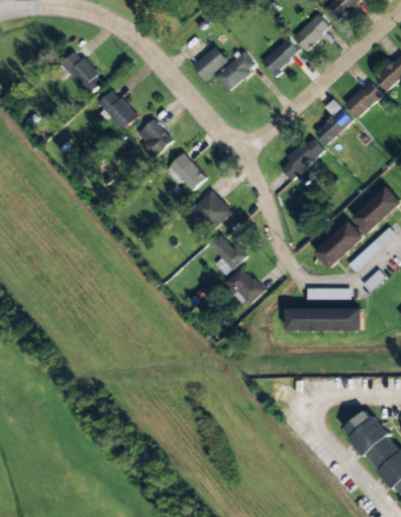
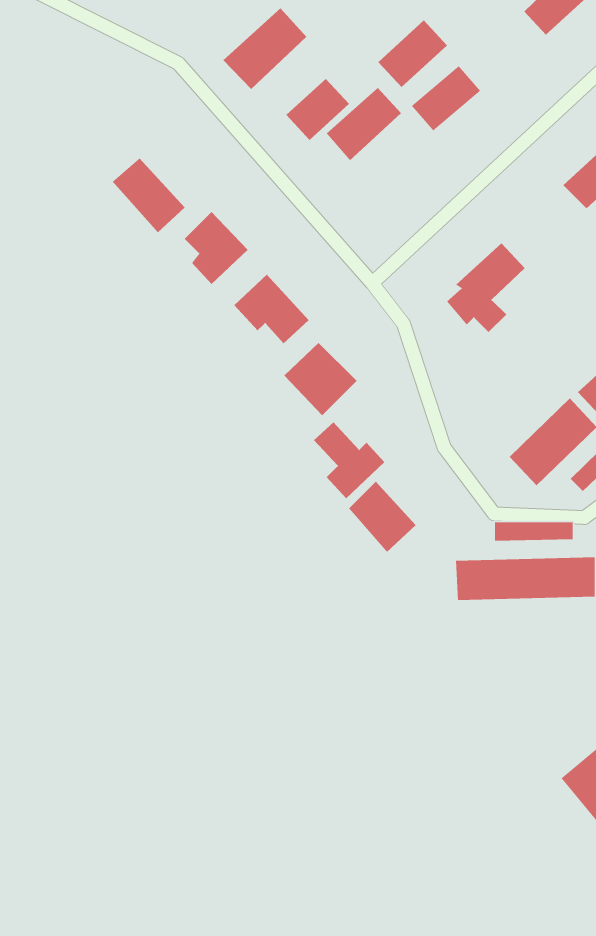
building: none -> [223,8,307,90]
building: [293,13,331,50] -> [378,20,448,88]
building: [61,49,104,94] -> none
building: [314,99,354,144] -> none

